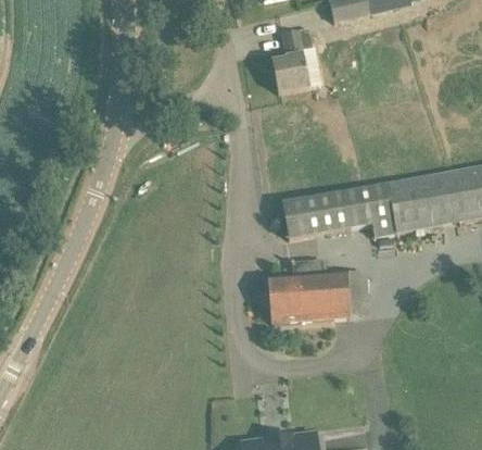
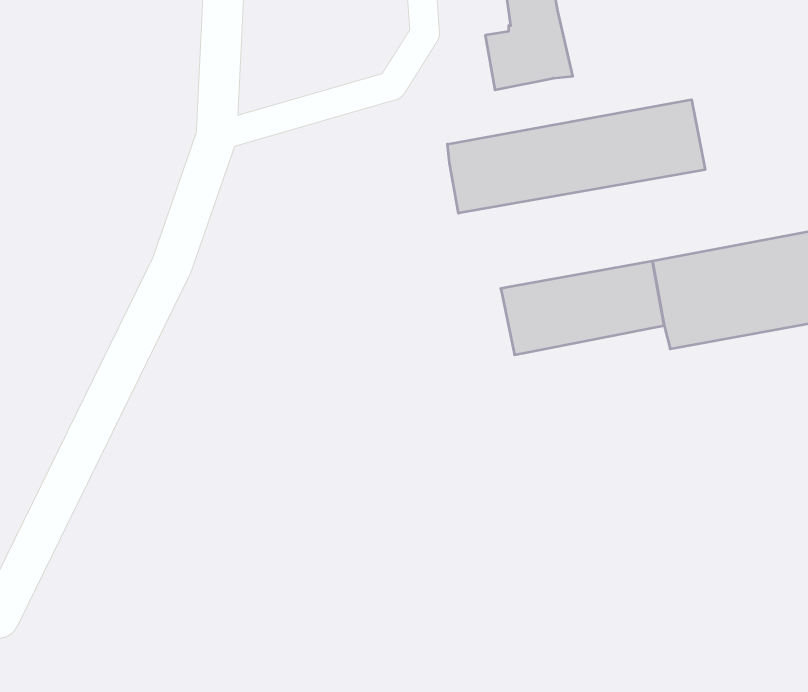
building: none -> [447,100,705,213]
building: [268,259,350,322] -> none

